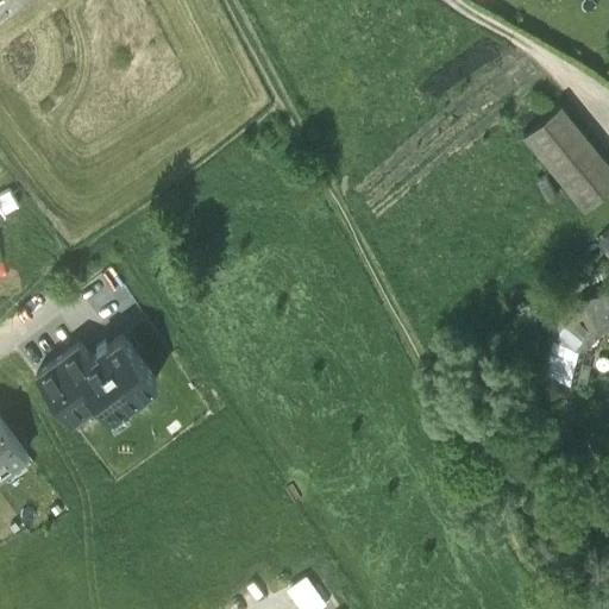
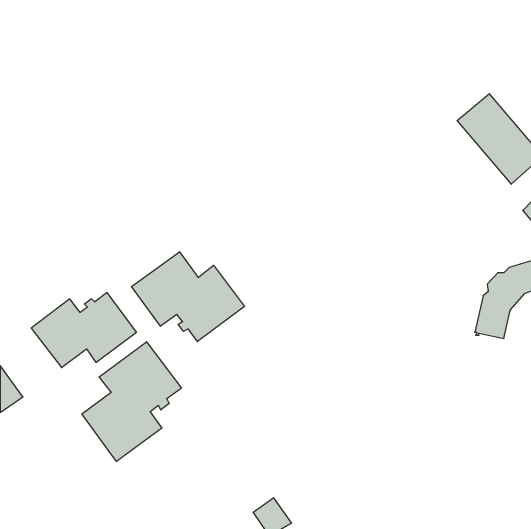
building: none -> [132,252,244,342]
building: none -> [82,342,181,461]

